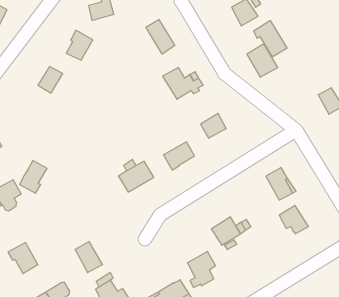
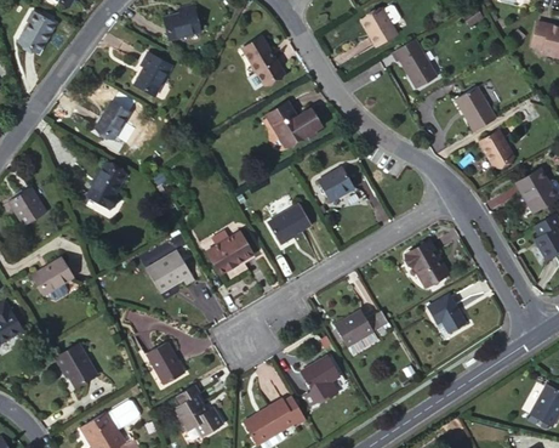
building: [247,44,278,77] -> [455,85,497,131]
building: [20,161,47,193] -> [89,163,126,208]
building: none -> [147,250,194,293]

